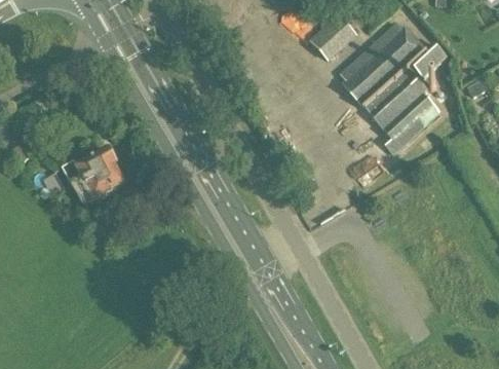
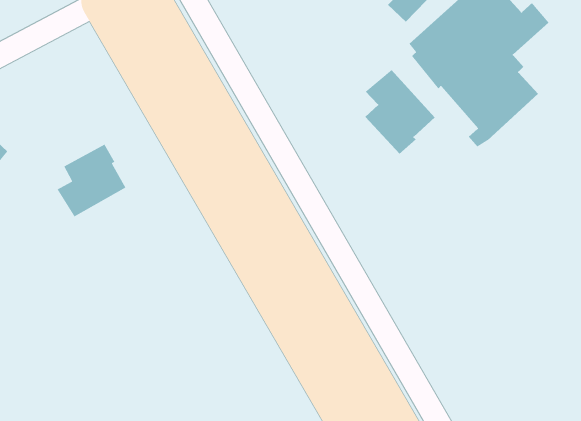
building: none -> [365,69,436,155]

